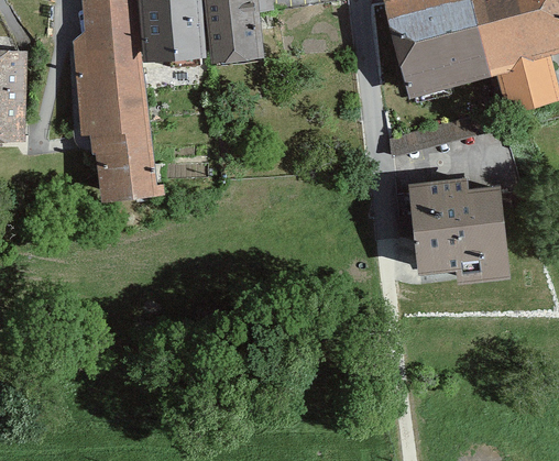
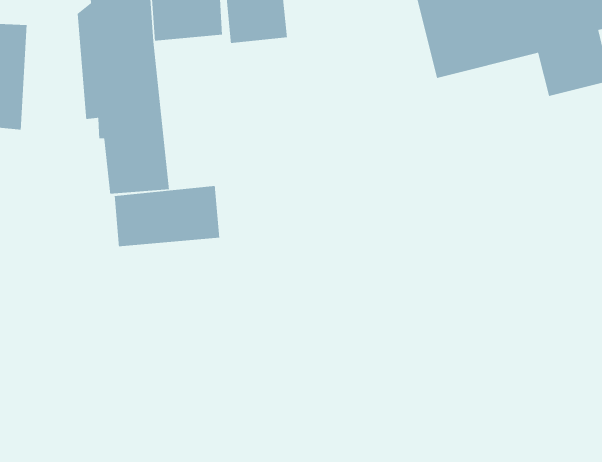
building: [407,177,511,286] -> none
building: none -> [114,185,220,247]

